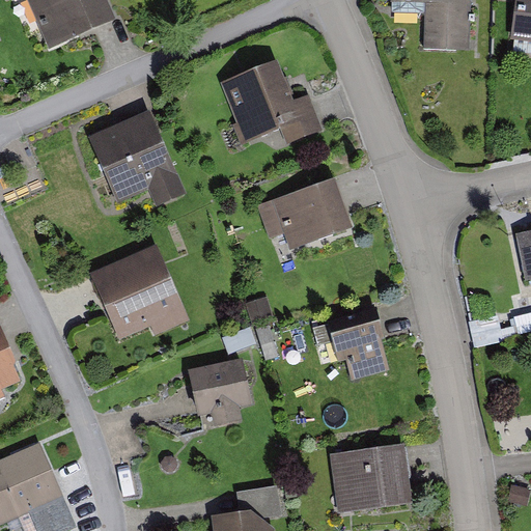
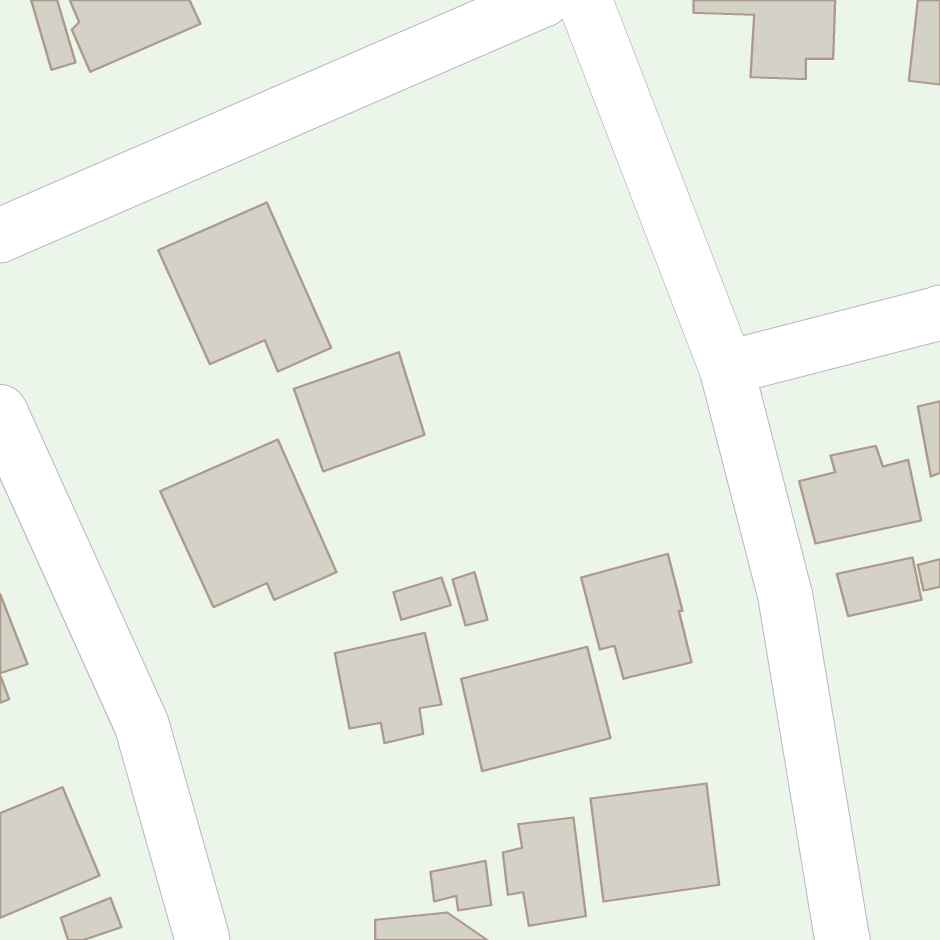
building: [222,64,324,147] -> none
building: [275,175,348,243] -> [294,352,424,472]
building: none -> [799,446,921,543]
building: none -> [461,647,610,771]
building: none -> [503,818,586,926]

